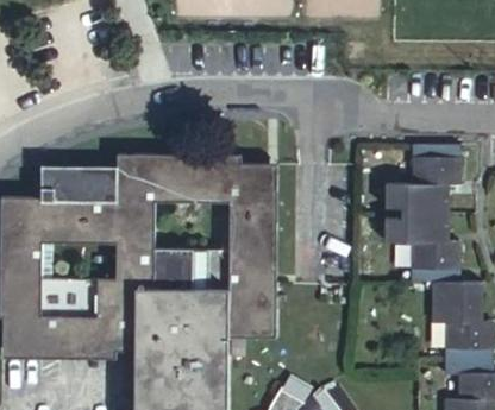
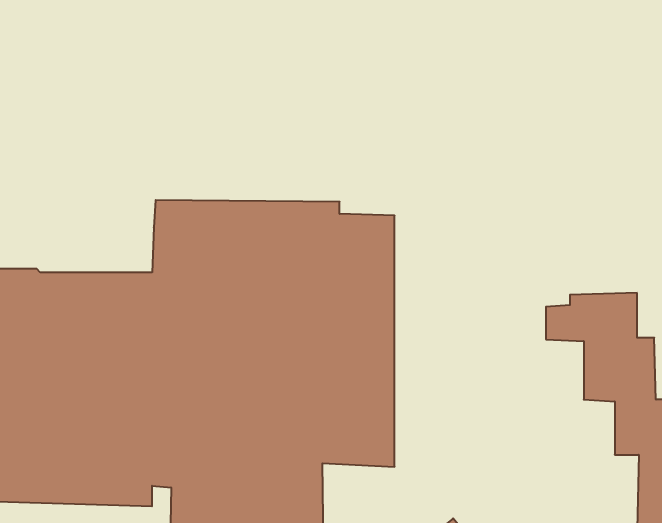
building: [384,144,458,213] -> none
building: [32,165,113,197] -> none

